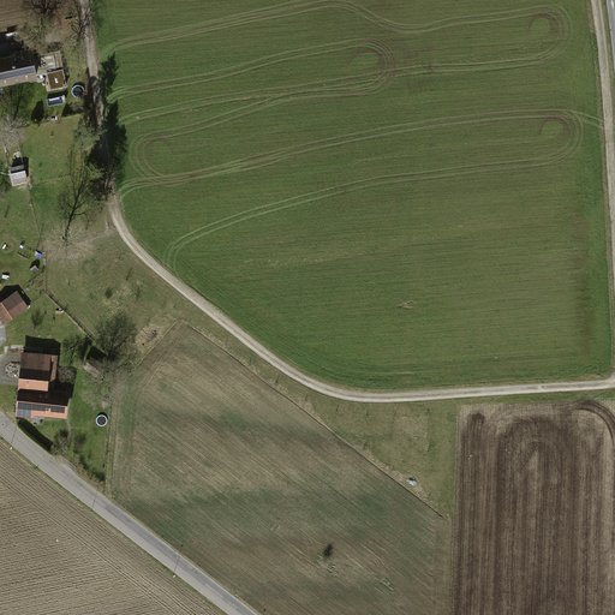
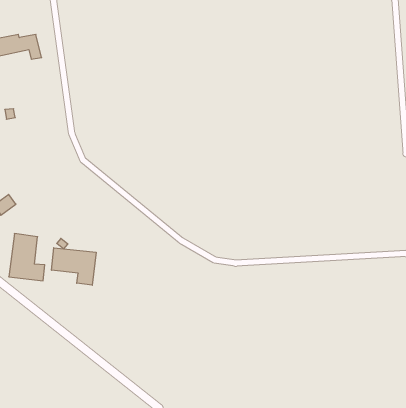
building: none -> [52,248,96,285]

